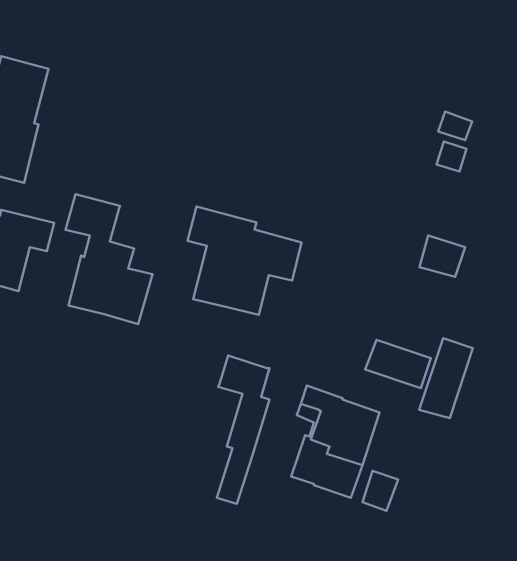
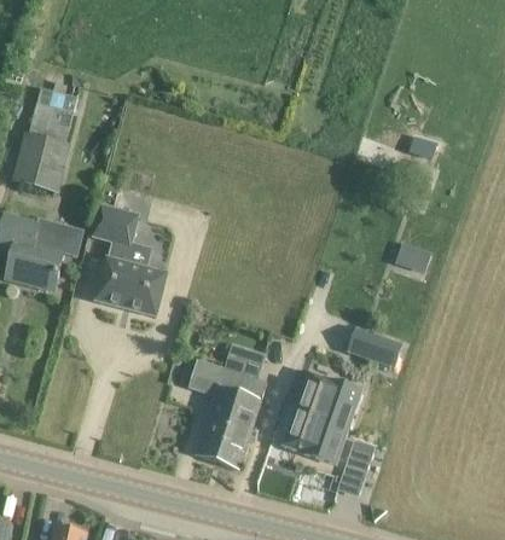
building: [187,206,301,315] -> none
building: [419,338,473,418] -> none
building: none -> [188,358,243,463]

